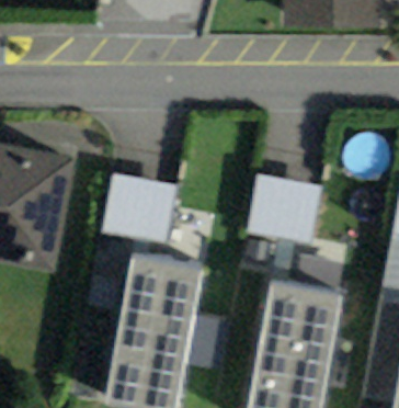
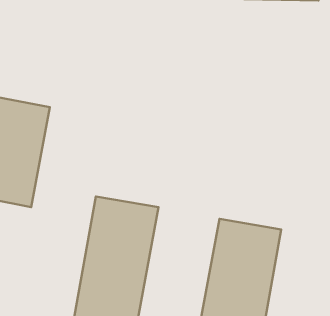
building: [107,172,185,249] -> none
building: [253,173,329,243] -> none

